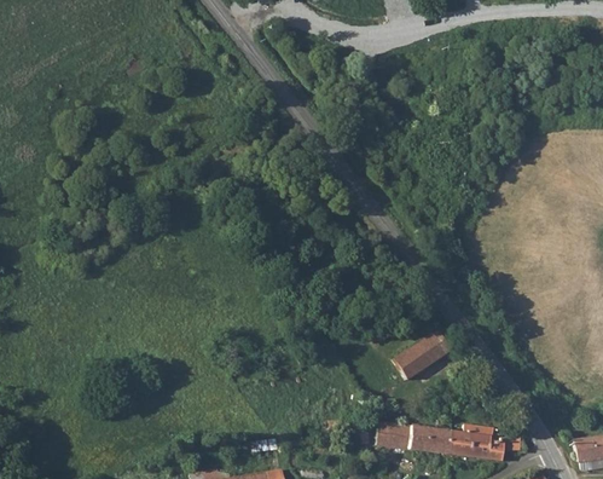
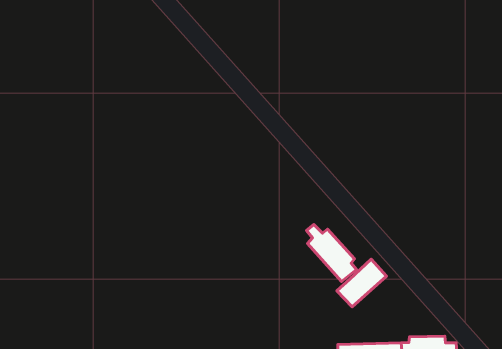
building: none -> [306,224,357,282]

